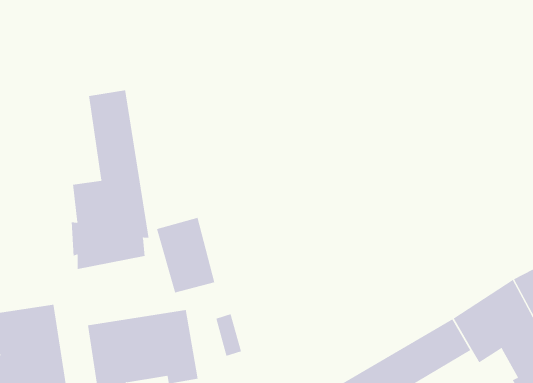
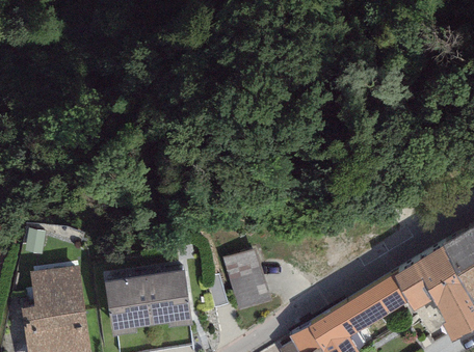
building: [71,90,149,270] -> none
building: [156,217,215,293] -> [222,246,269,306]

